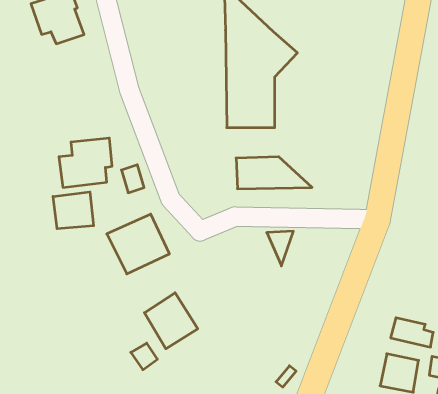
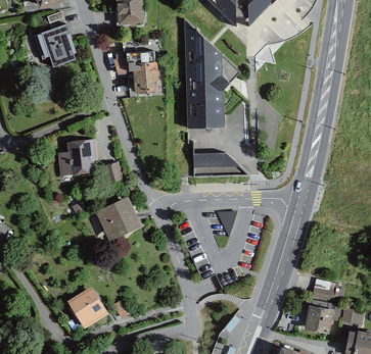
building: none -> [112,50,159,95]
building: [53,192,94,229] -> none
building: [144,293,198,349] -> [67,283,108,325]

